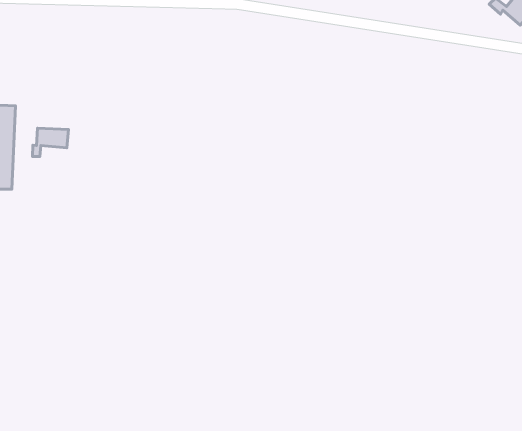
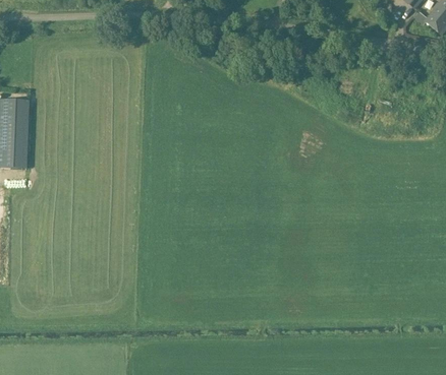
building: [33,128,69,157] -> none

